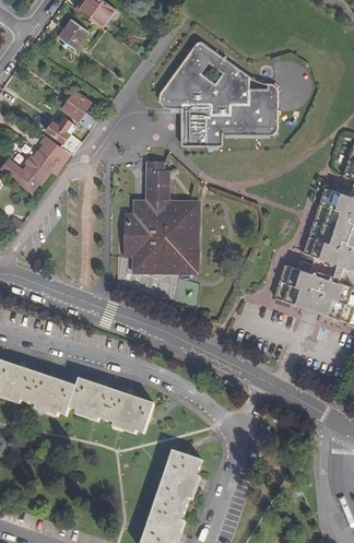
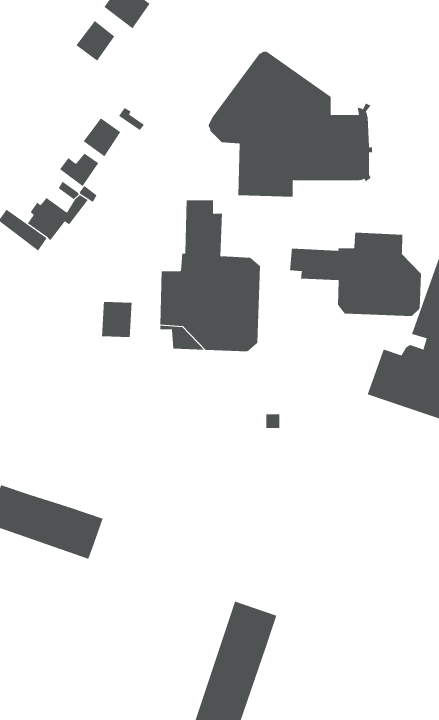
building: none -> [290,232,422,317]
building: none -> [102,301,132,338]
building: [70,380,156,436] -> none

